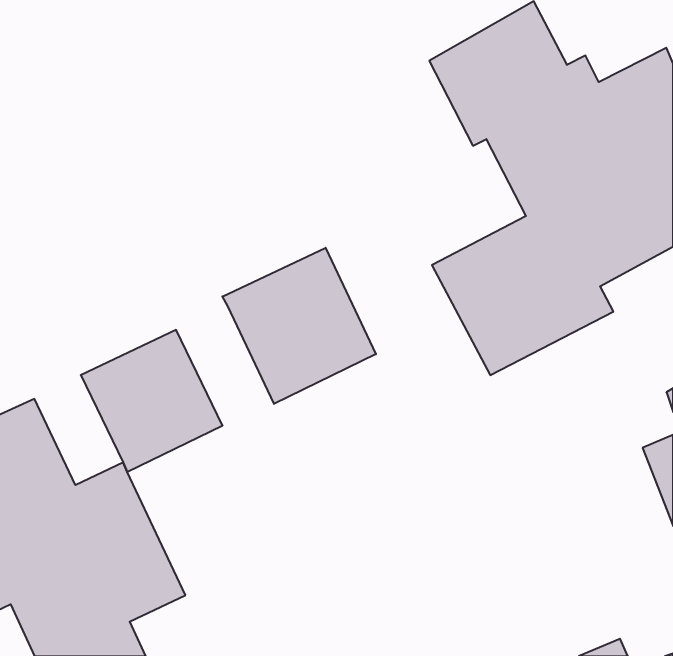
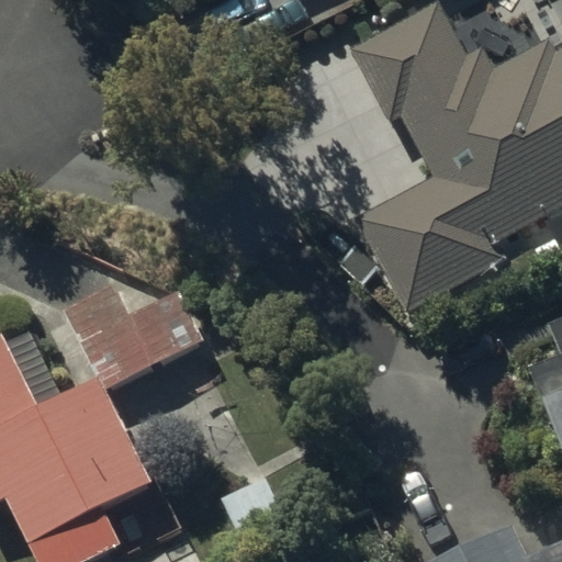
building: [222,248,376,404] -> none

